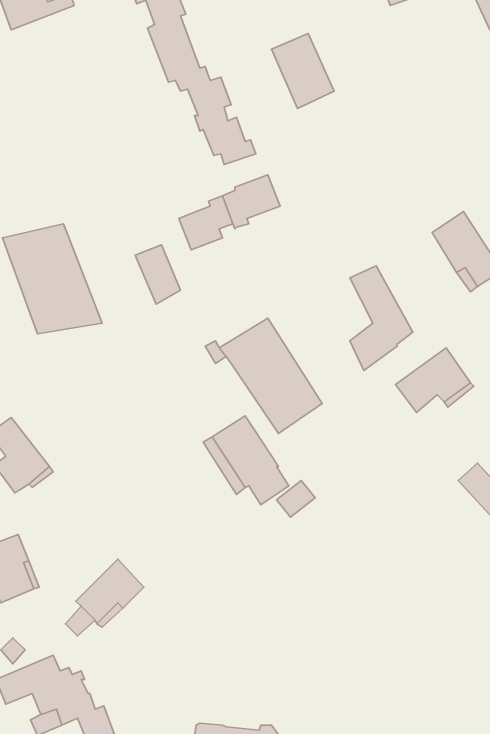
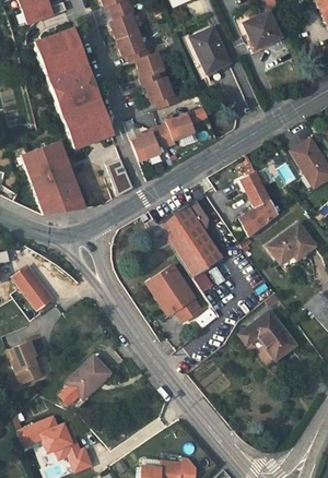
building: none -> [244,12,281,49]
building: none -> [35,28,113,148]
building: none -> [239,311,296,360]

